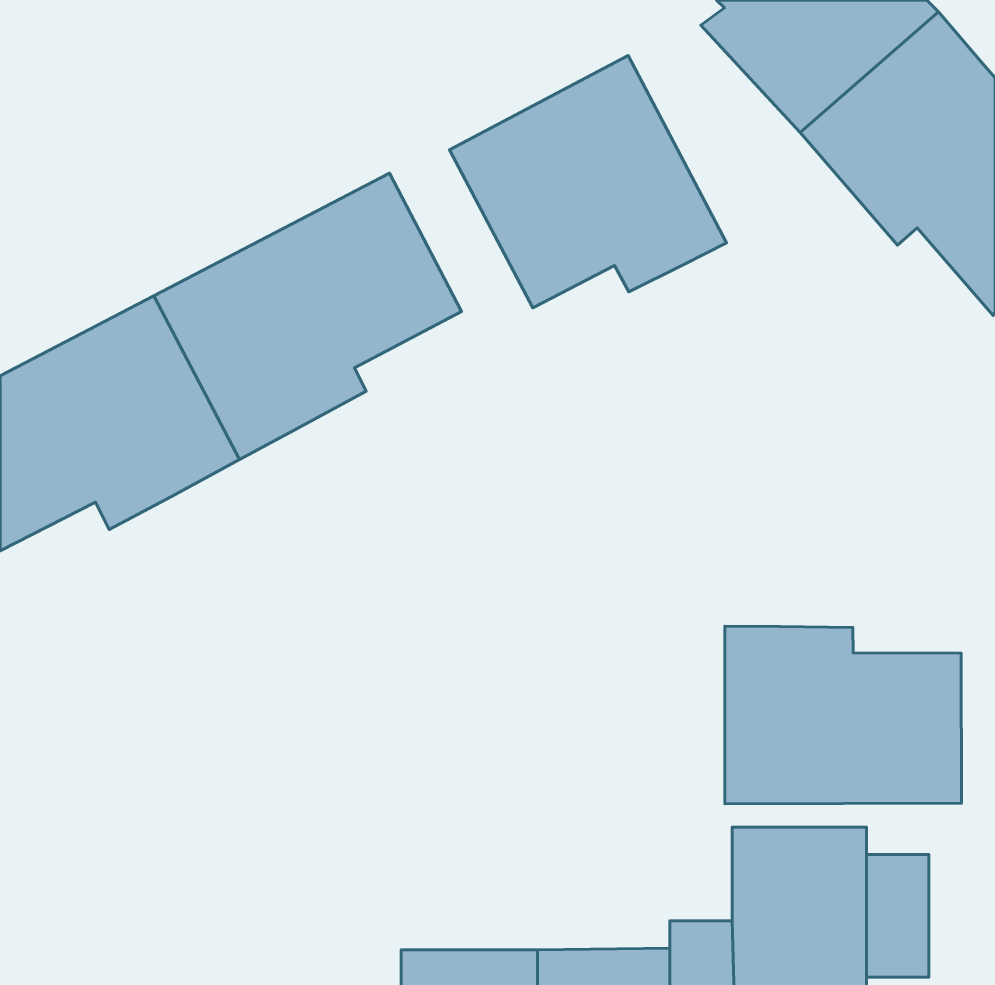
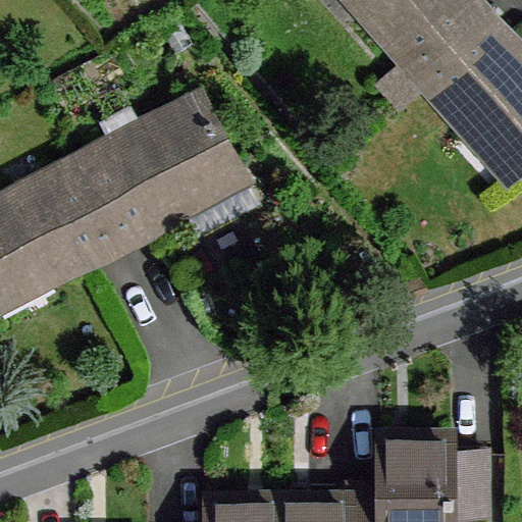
building: [450,56,726,308] -> none
building: [725,626,961,804] -> none

